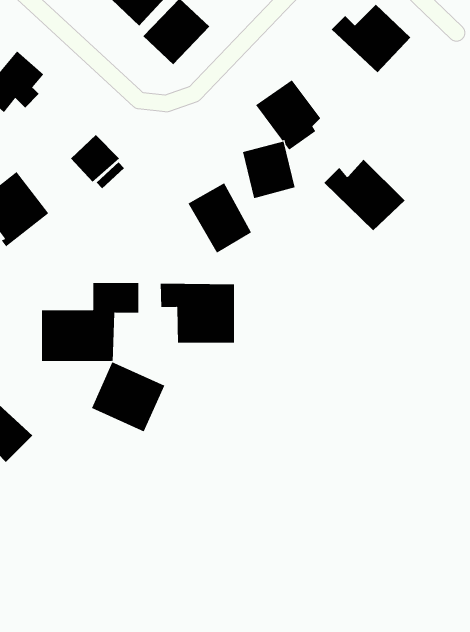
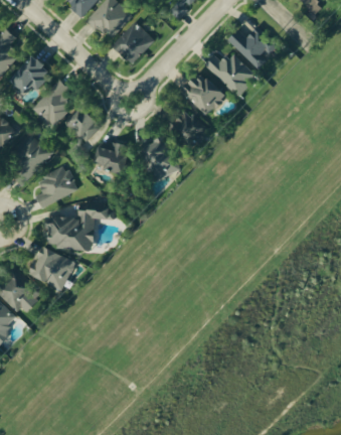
building: none -> [29,79,71,129]
building: [323,159,405,231] -> [204,50,255,96]
building: none -> [94,144,126,171]
building: none -> [33,165,75,209]
building: [160,283,235,343] -> none
building: [91,361,165,432] -> [27,247,73,291]

